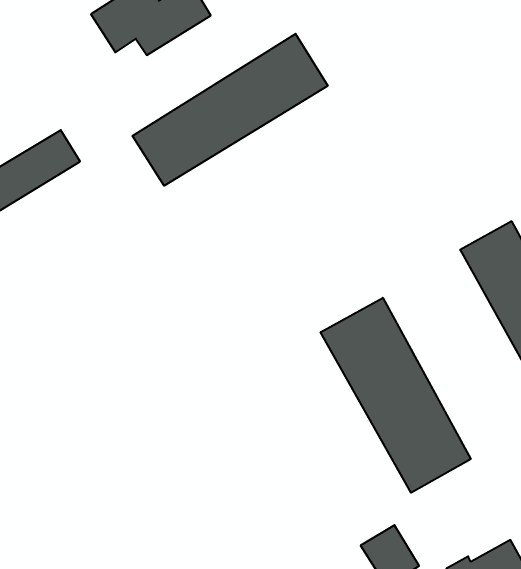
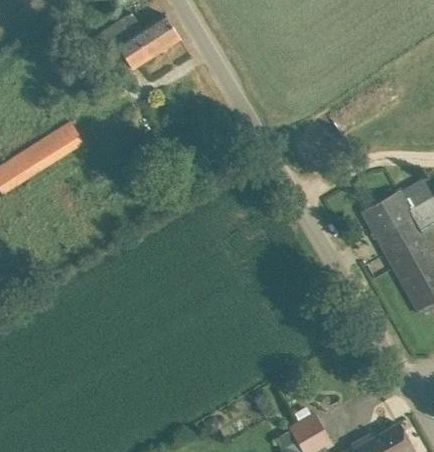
building: [133,34,328,186] -> none
building: [321,298,471,493] -> none

